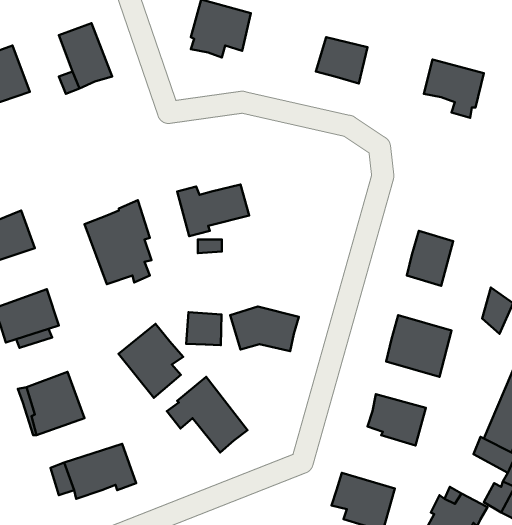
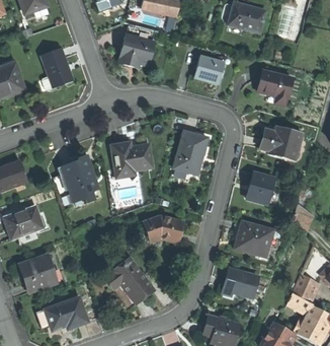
building: none -> [260,127,302,158]
building: none -> [172,130,209,178]
building: [186,312,221,345] -> none
building: [119,324,183,398] -> none

